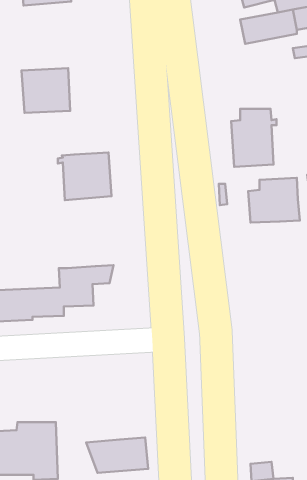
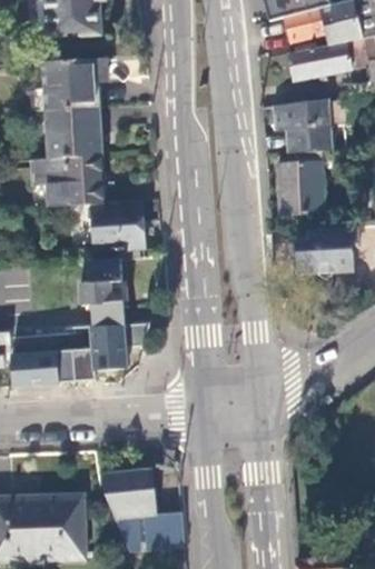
building: none -> [43,59,106,110]
building: none -> [272,98,332,152]
building: none -> [29,154,103,206]
building: none -> [83,258,127,327]
building: none -> [100,466,154,518]

